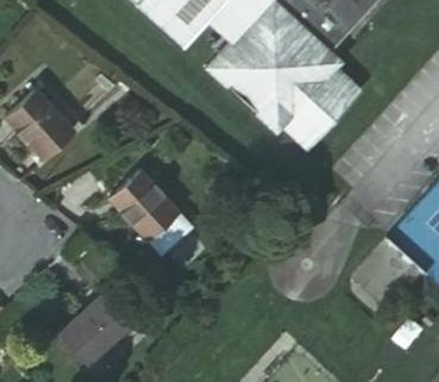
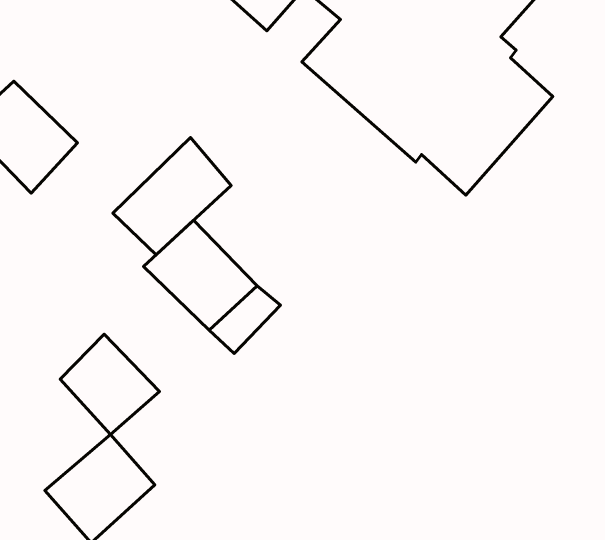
building: none -> [113,138,231,255]
building: none -> [60,334,160,435]

